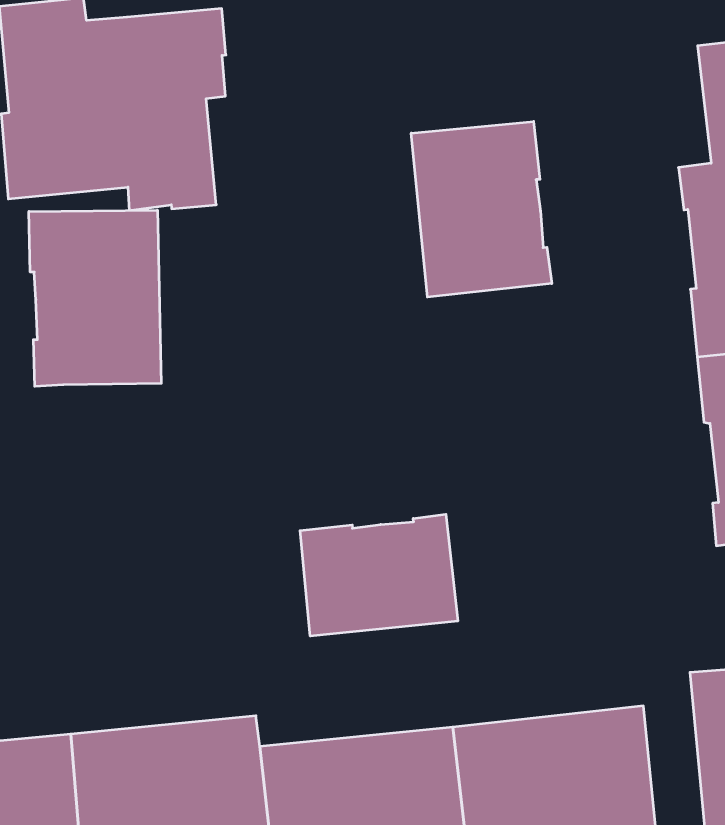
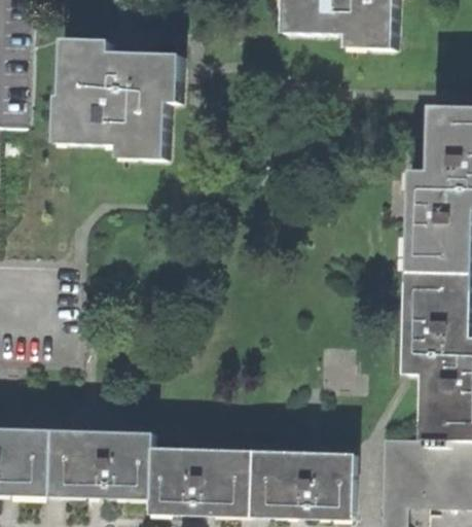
building: [411,121,552,297] -> none
building: [29,210,161,386] -> none
building: [300,514,458,636] -> none

